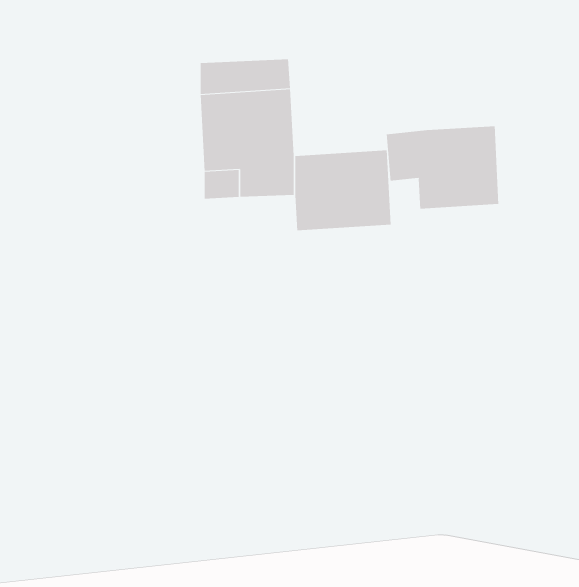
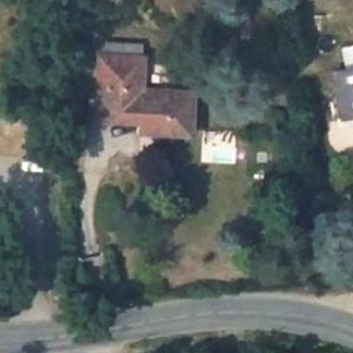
building: [386,126,499,209] -> none

